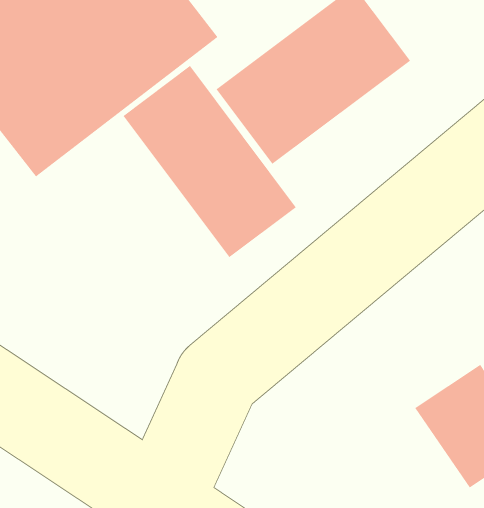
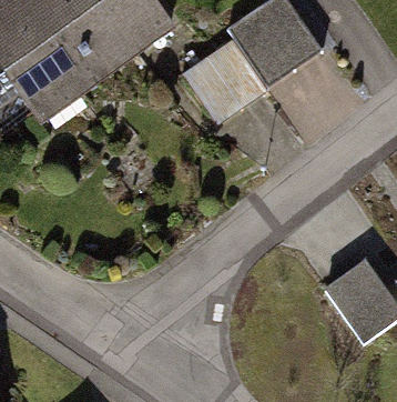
building: [122,65,297,258] -> none

